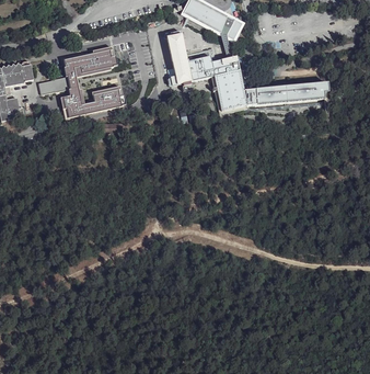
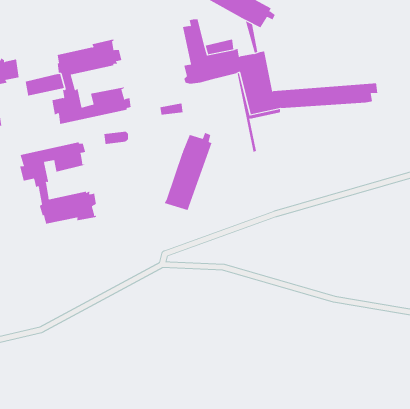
building: none -> [164,132,212,211]
building: none -> [20,142,97,225]

